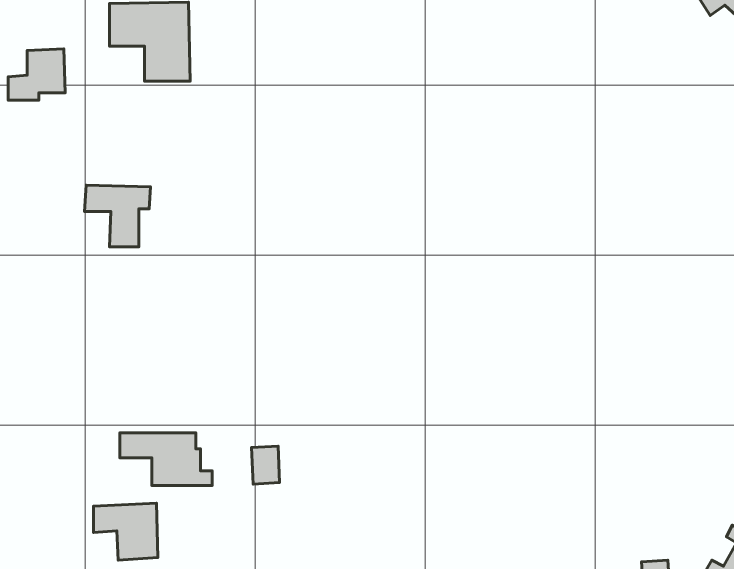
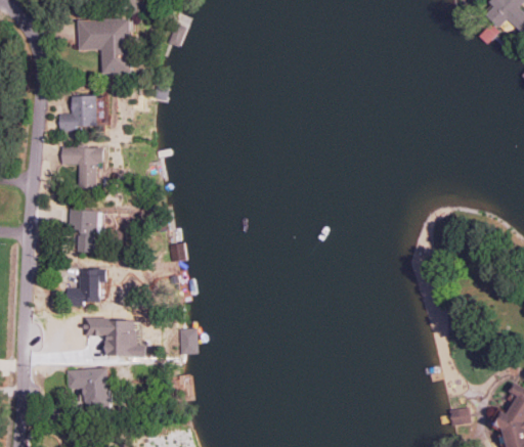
building: [8,49,65,100] -> [58,94,98,130]
building: none -> [69,208,99,252]
building: none -> [66,268,108,304]

